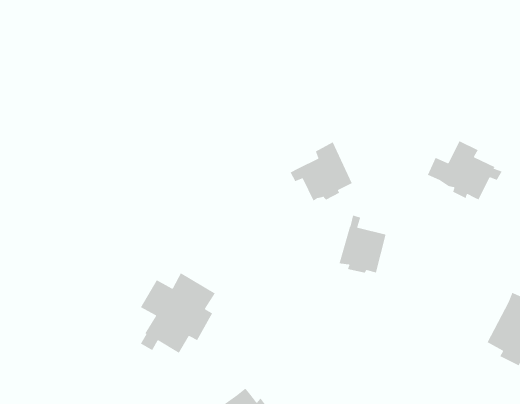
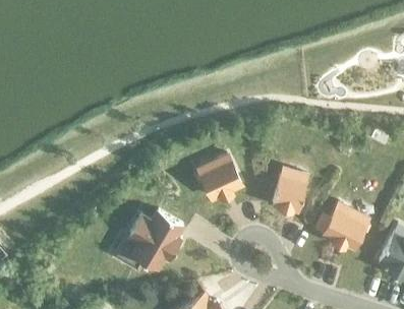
building: [427,140,503,201] -> [315,203,370,247]
building: [289,141,353,202] -> [195,154,241,198]

